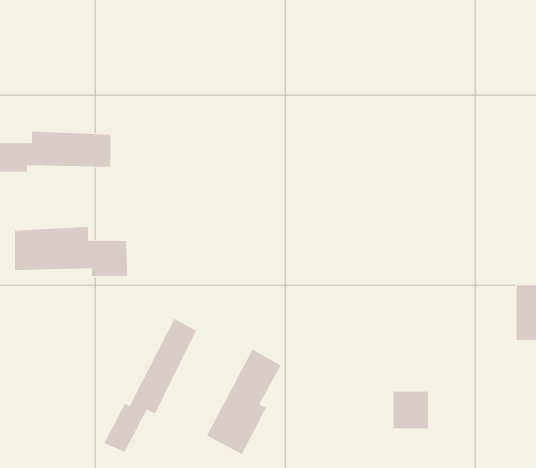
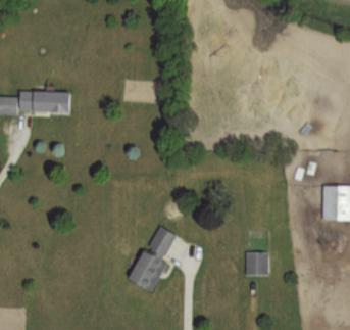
building: [14,226,128,277] -> none
building: [103,318,197,453] -> none

